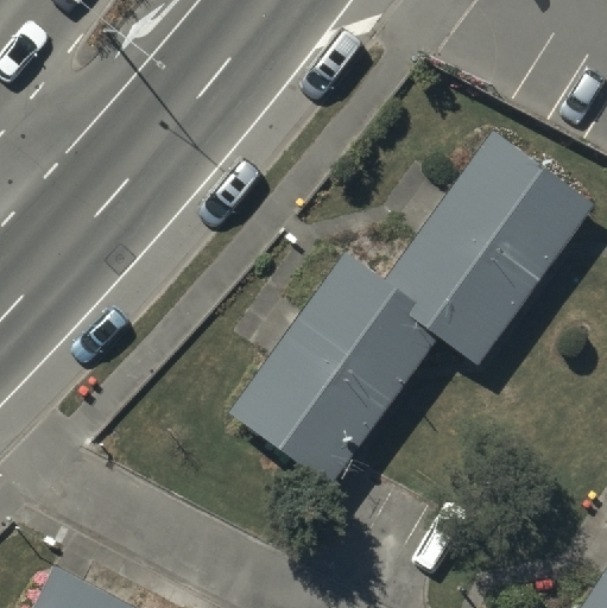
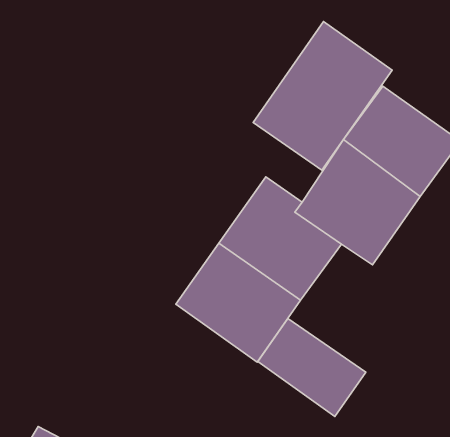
building: none -> [253,21,392,170]
building: none -> [258,318,366,417]

